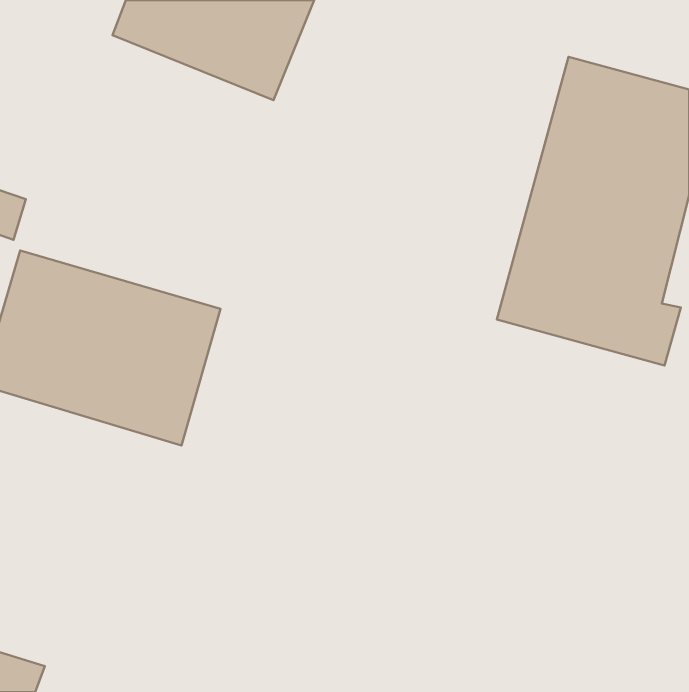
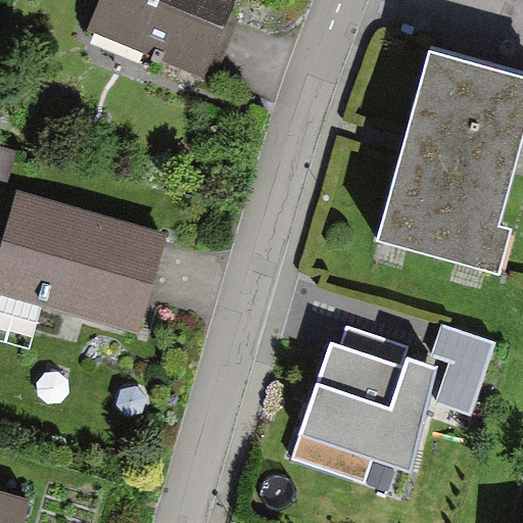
building: none -> [290,325,502,497]

